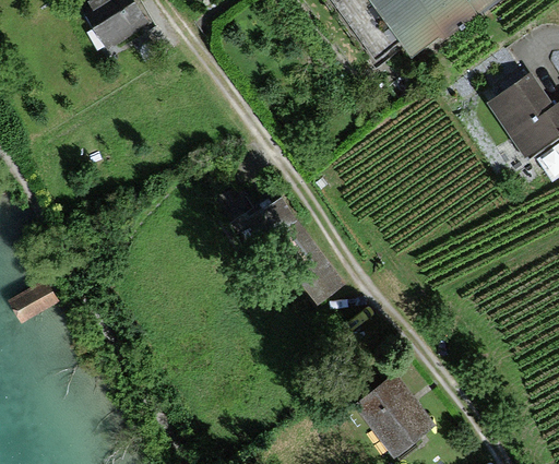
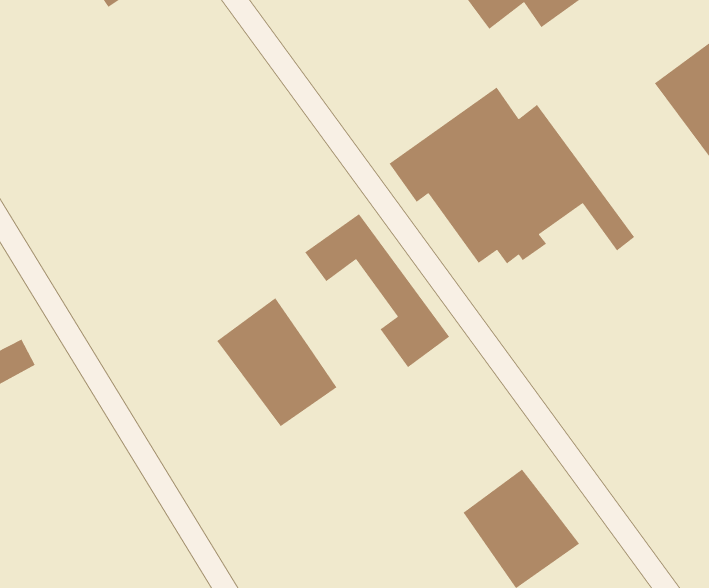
building: none -> [389,86,635,264]
building: none -> [216,297,337,427]

